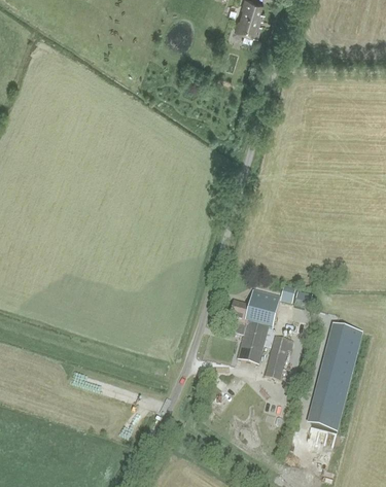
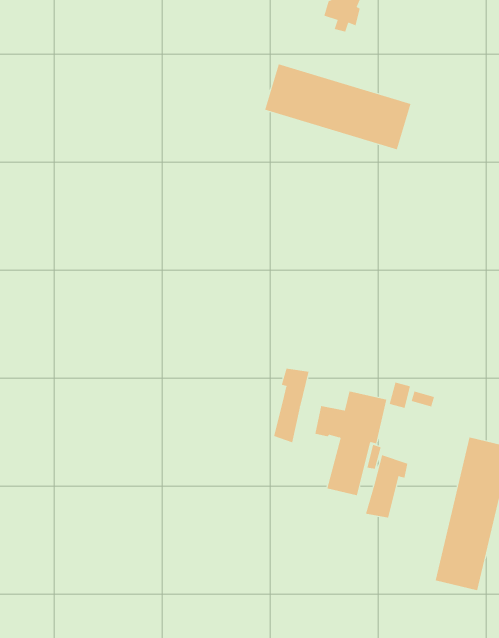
building: none -> [265,64,411,150]
building: none -> [273,368,309,443]

